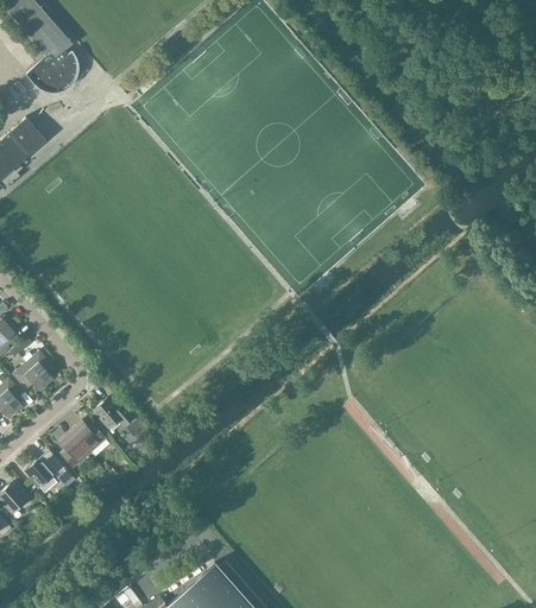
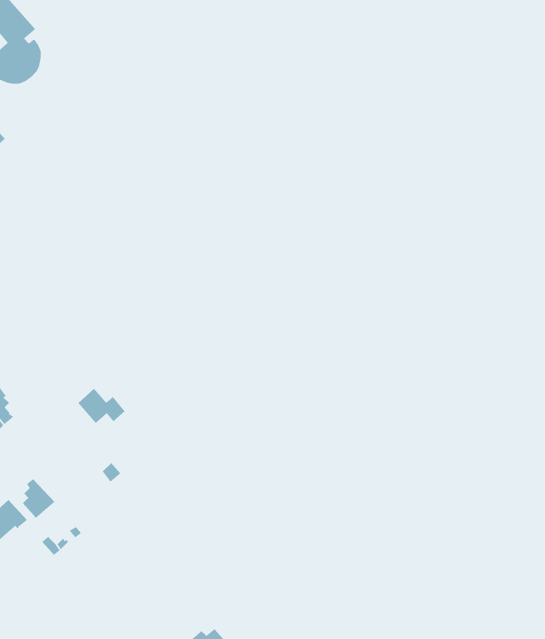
building: [92,399,133,430] -> [78,388,126,424]
building: [69,426,109,457] -> none

